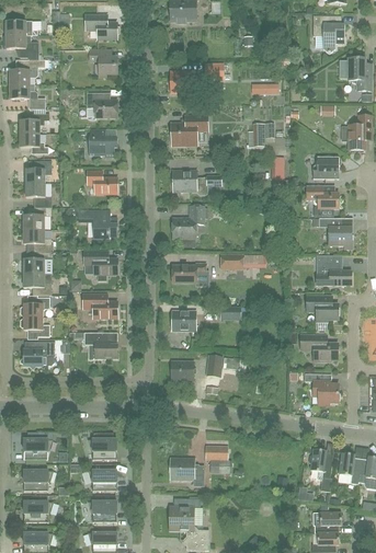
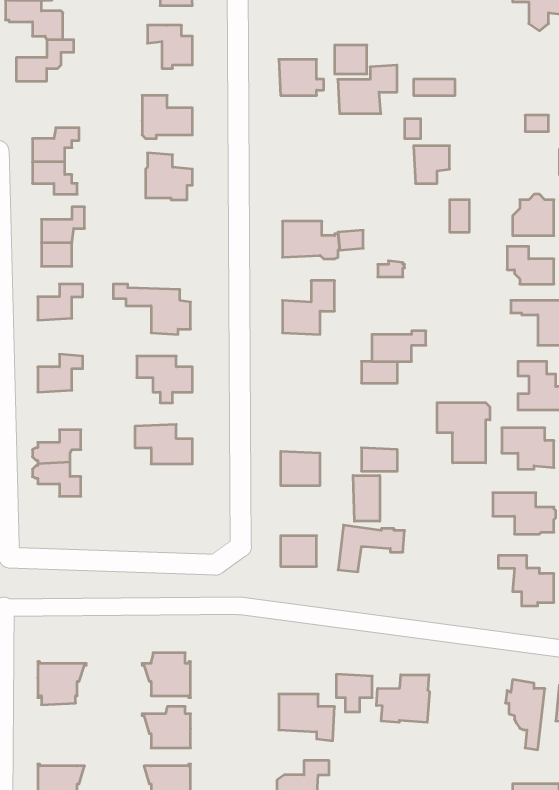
building: [10,83,45,107] -> none
building: [171,114,207,143] -> [338,65,397,114]
building: [88,170,117,193] -> none
building: [23,228,50,251] -> none
building: [172,263,205,281] -> [372,331,426,361]
building: [23,272,50,293] -> none
building: none -> [437,403,490,463]
building: none -> [353,475,380,521]
building: [83,331,117,357] -> none
building: [20,341,54,367] -> none
building: none -> [376,675,430,722]
building: [23,469,53,489] -> none

